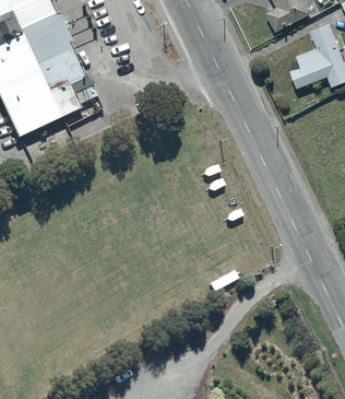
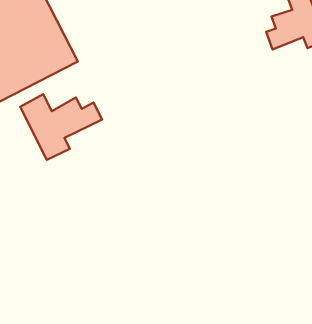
building: none -> [20,94,102,160]

